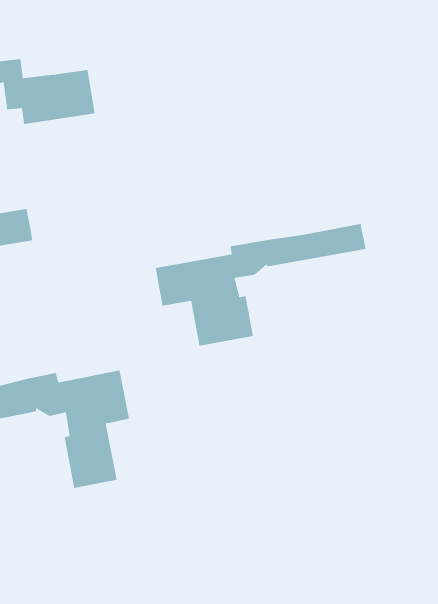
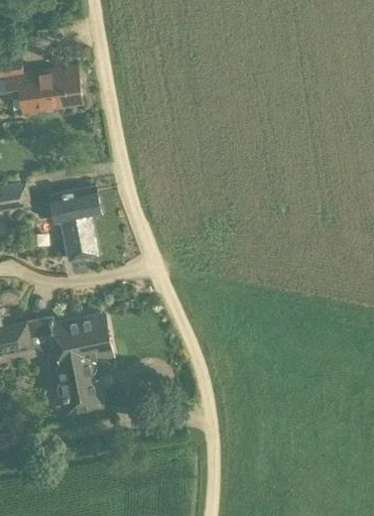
building: none -> [45,187,100,261]
building: [155,223,366,346] -> none

